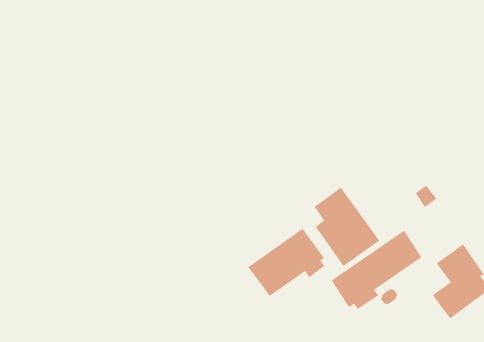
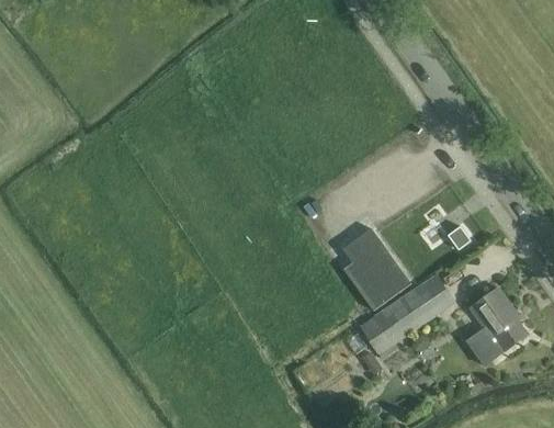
building: [248,228,325,297] -> none

